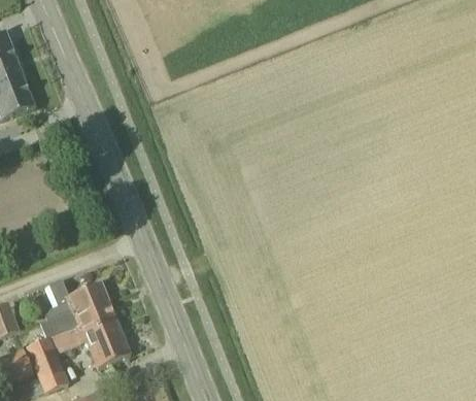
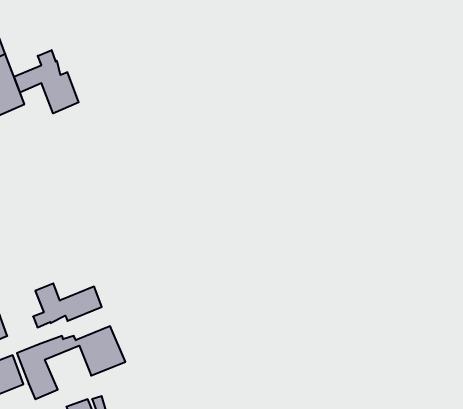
building: none -> [14,50,79,113]
building: [42,302,116,338] -> none

